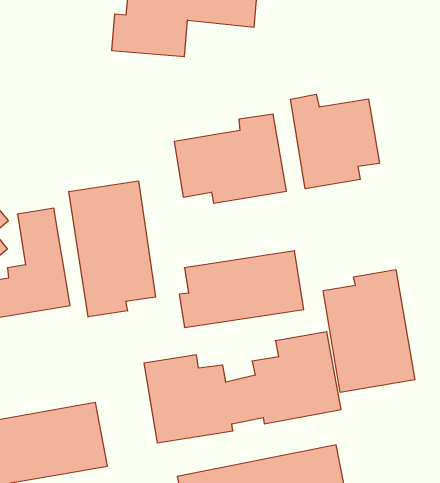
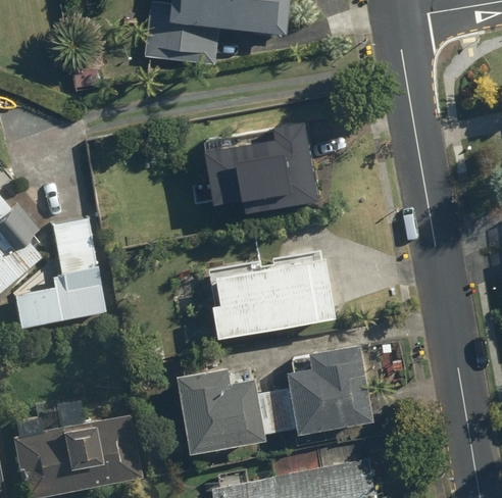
building: [291,94,379,189] -> none
building: [69,181,156,317] -> none
building: [323,270,415,392] -> none

